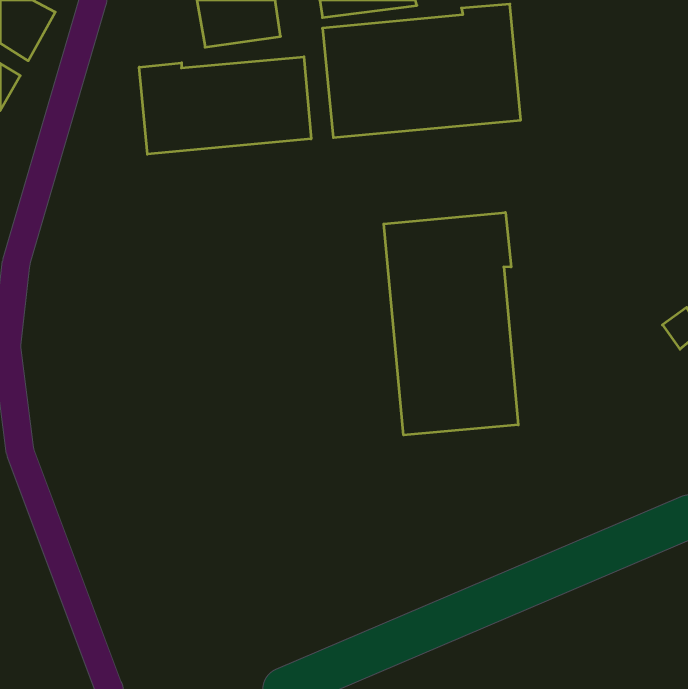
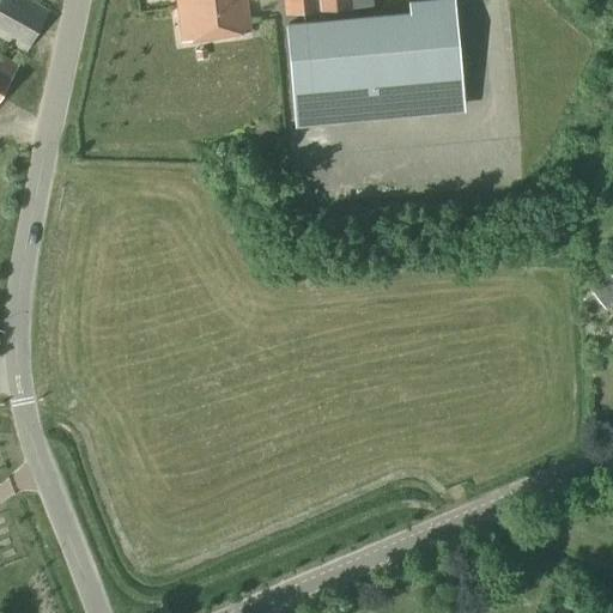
building: [139,57,311,154] -> none
building: [384,212,518,435] -> none

